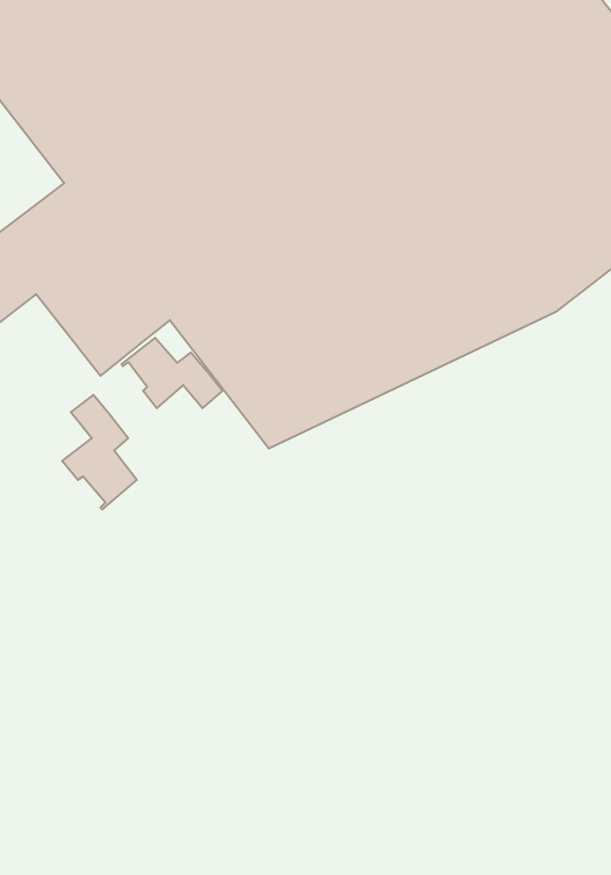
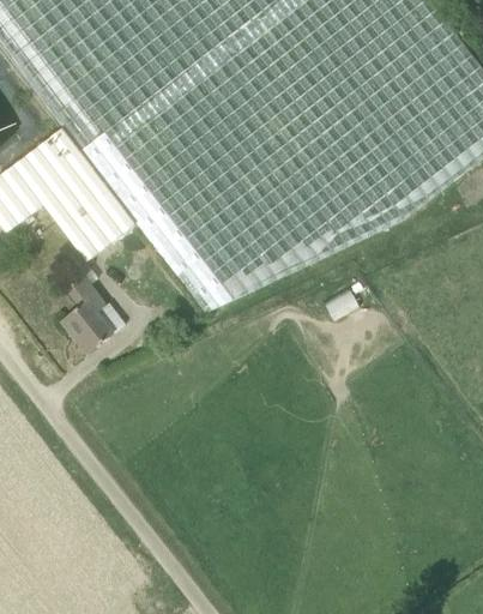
building: [122,338,223,408] -> none

